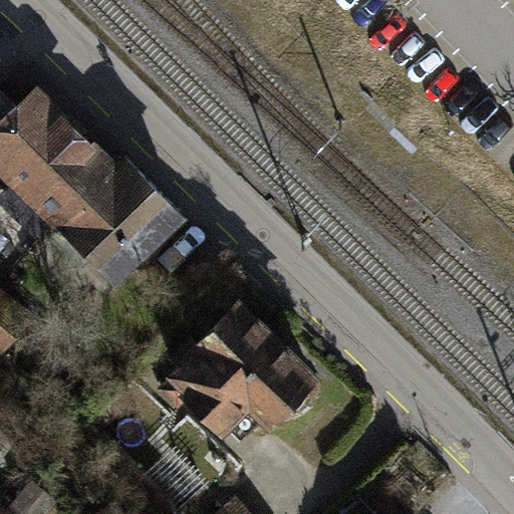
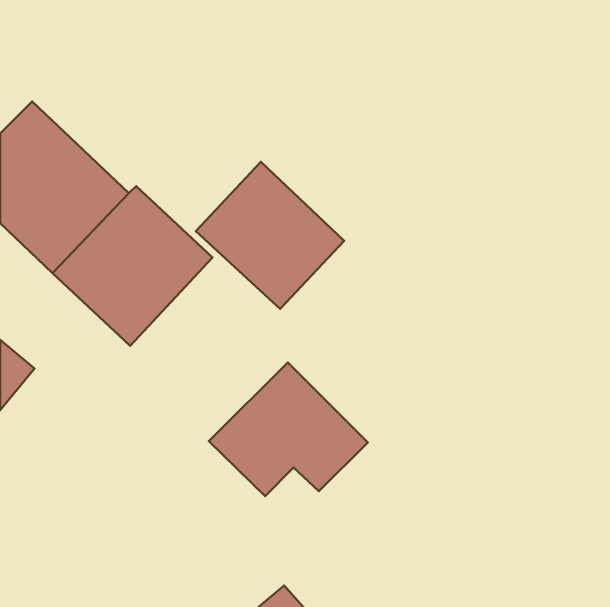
building: none -> [196,162,344,309]

